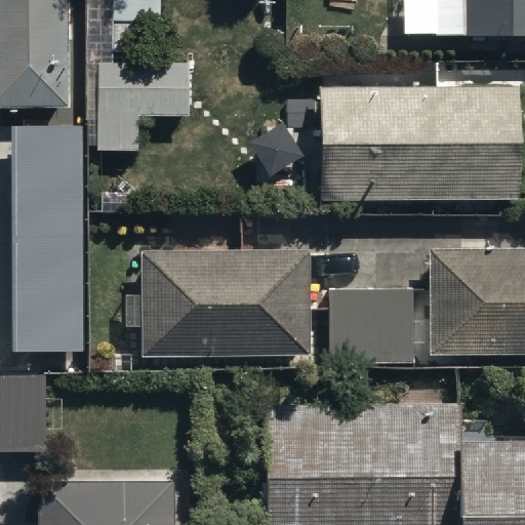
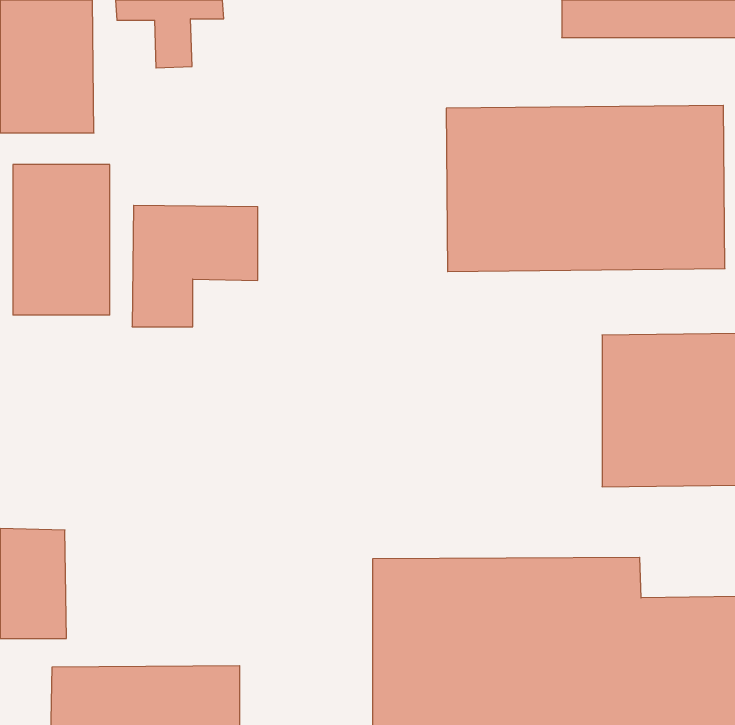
building: [96,63,186,149] -> [132,205,258,327]
building: [11,240,84,352] -> none
building: [140,248,310,355] -> none
building: [330,289,411,366] -> none

